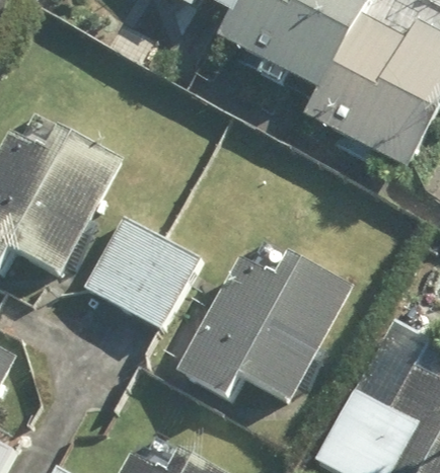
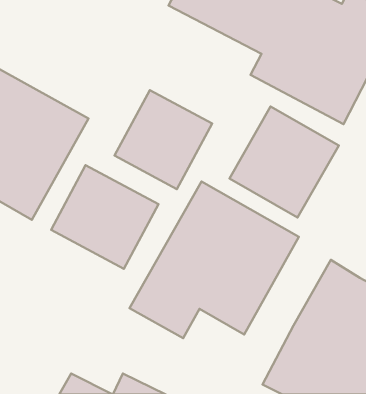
building: none -> [115,90,212,189]
building: none -> [229,107,339,217]

